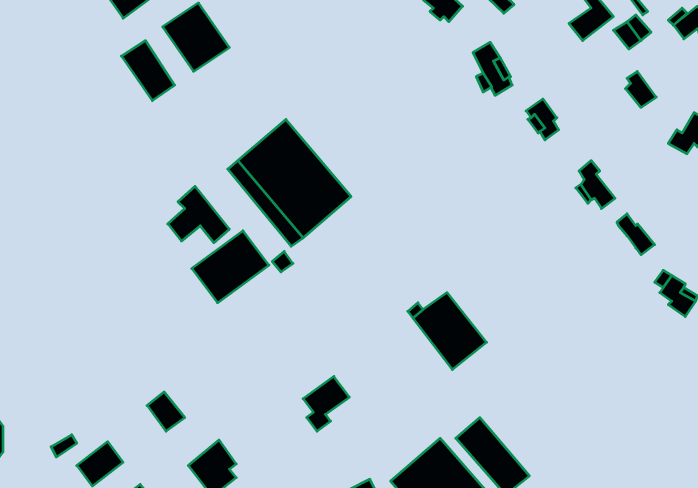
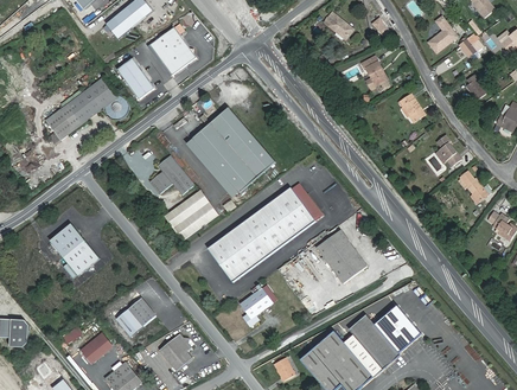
building: none -> [46,76,122,136]
building: none -> [208,181,323,280]
building: none -> [56,220,104,271]
building: none -> [376,307,415,345]

